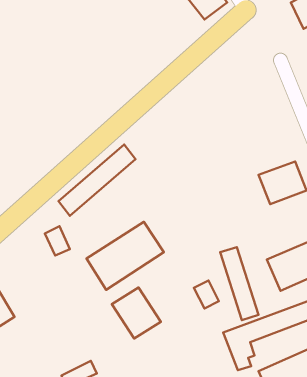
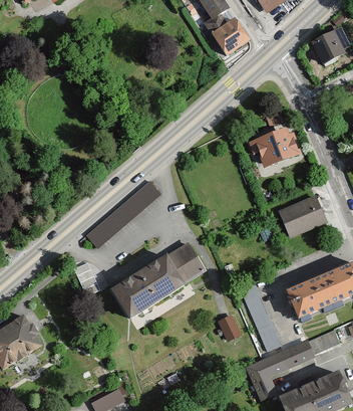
building: none -> [250,128,300,171]
building: none -> [168,241,208,283]
building: [112,288,161,338] -> none

